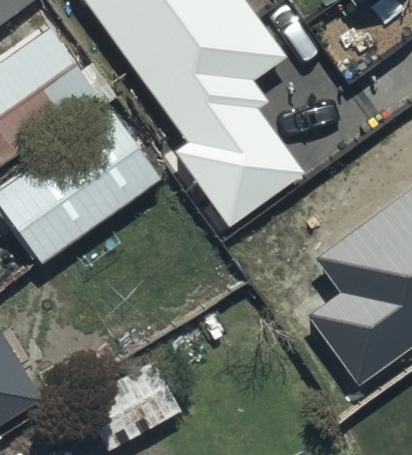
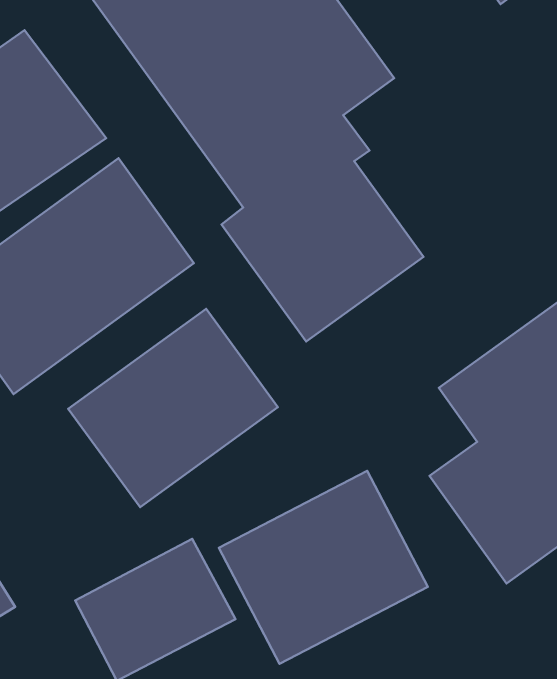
building: none -> [68,309,278,507]
building: none -> [219,471,428,664]

